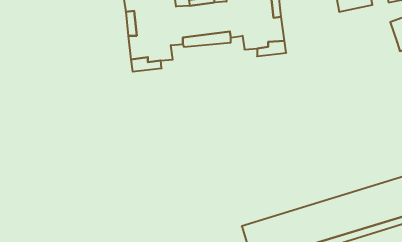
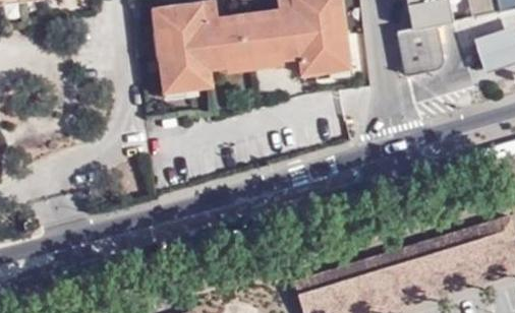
building: none -> [398,22,442,73]

